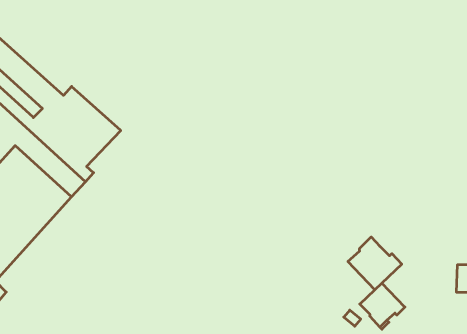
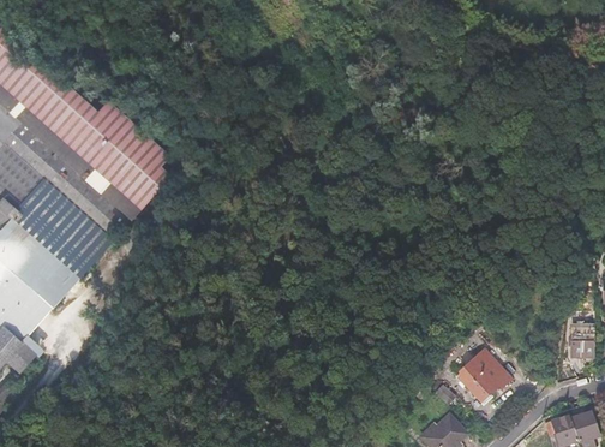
building: [348,237,402,290] -> none

